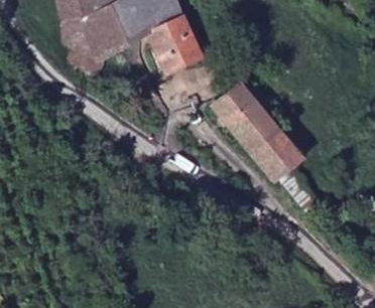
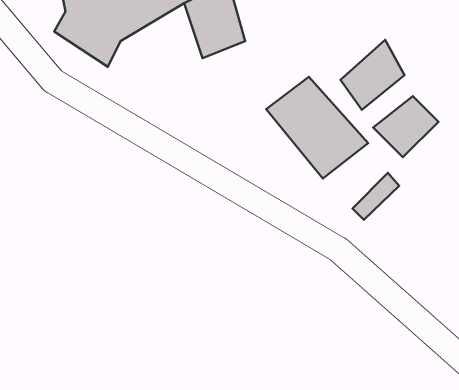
building: none -> [341,40,404,110]
building: [249,131,295,174] -> [373,96,438,157]

